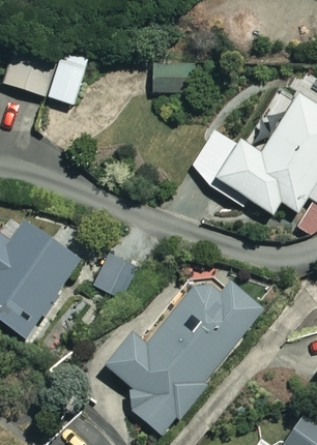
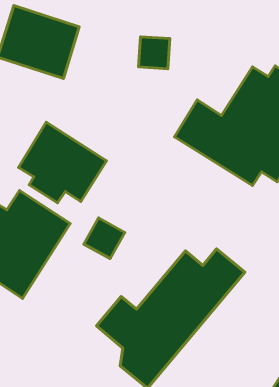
building: none -> [18,122,106,203]

